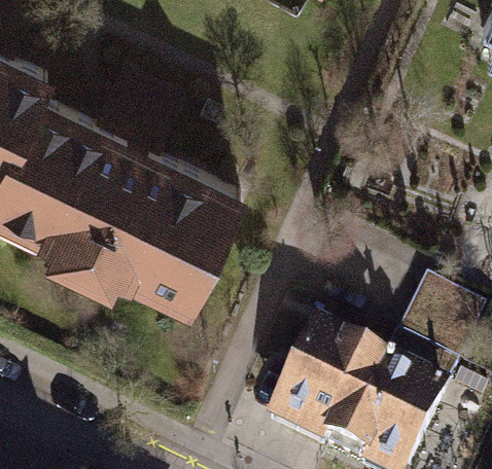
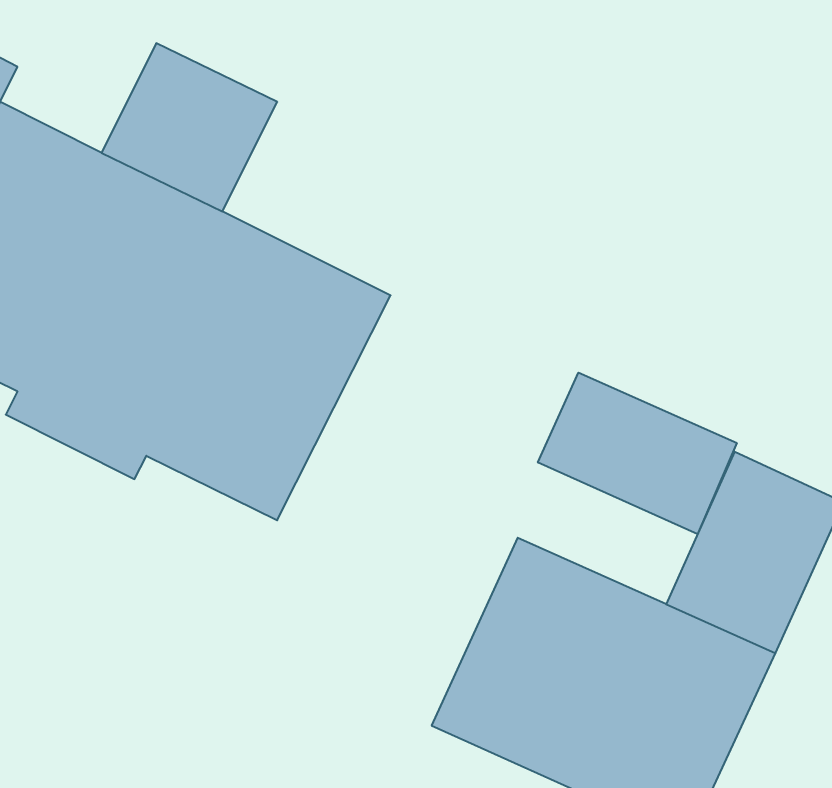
building: none -> [538,373,737,534]

